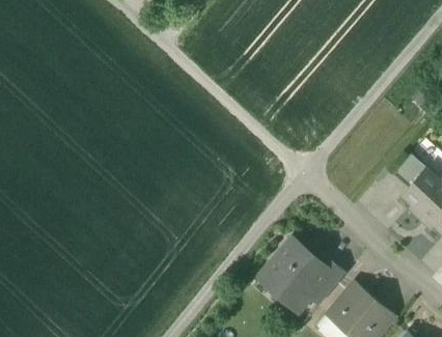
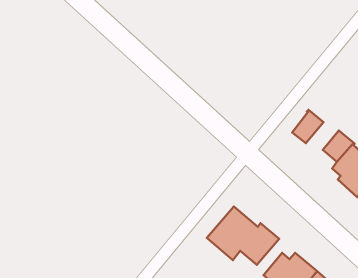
building: none -> [292,110,324,143]

